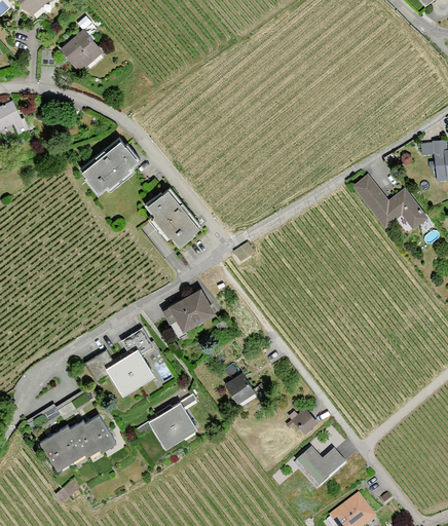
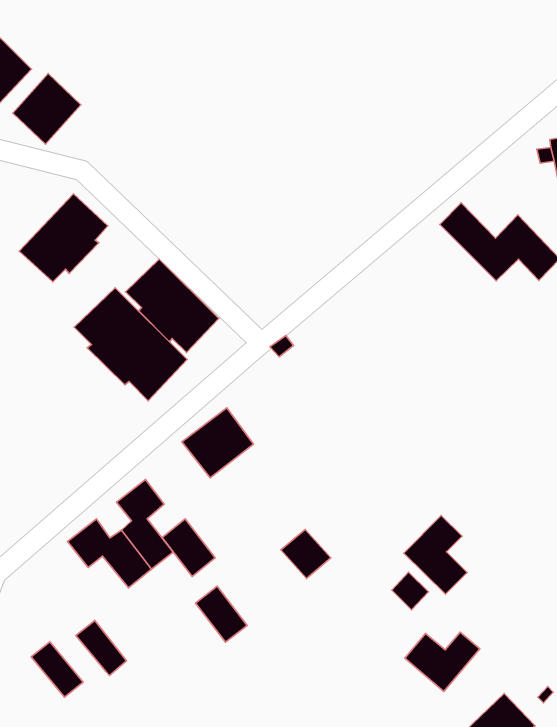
building: none -> [13,74,81,144]
building: none -> [74,288,187,401]
building: none -> [404,516,467,594]
building: [148,412,181,450] -> [162,519,215,577]
building: [69,420,101,457] -> none
building: [39,434,72,472] -> none

